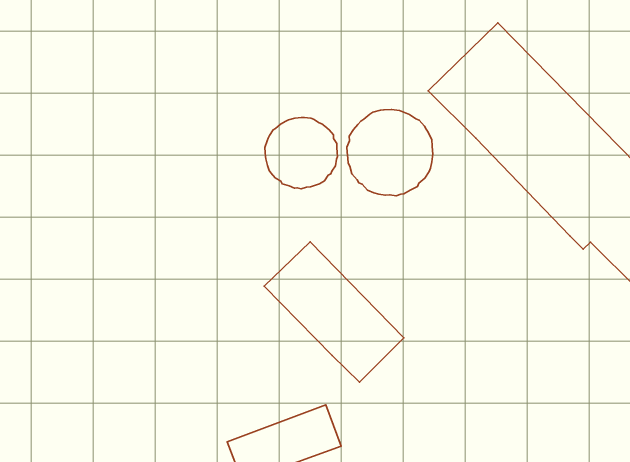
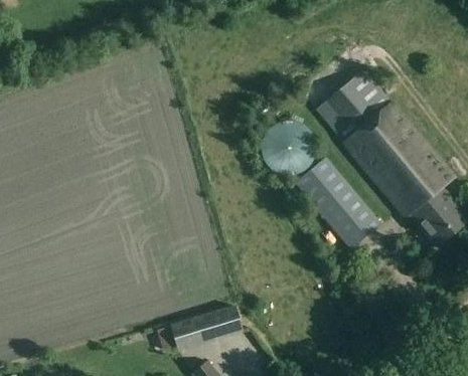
building: [265,117,338,189] -> none
building: [264,242,404,382] -> [295,158,381,249]

